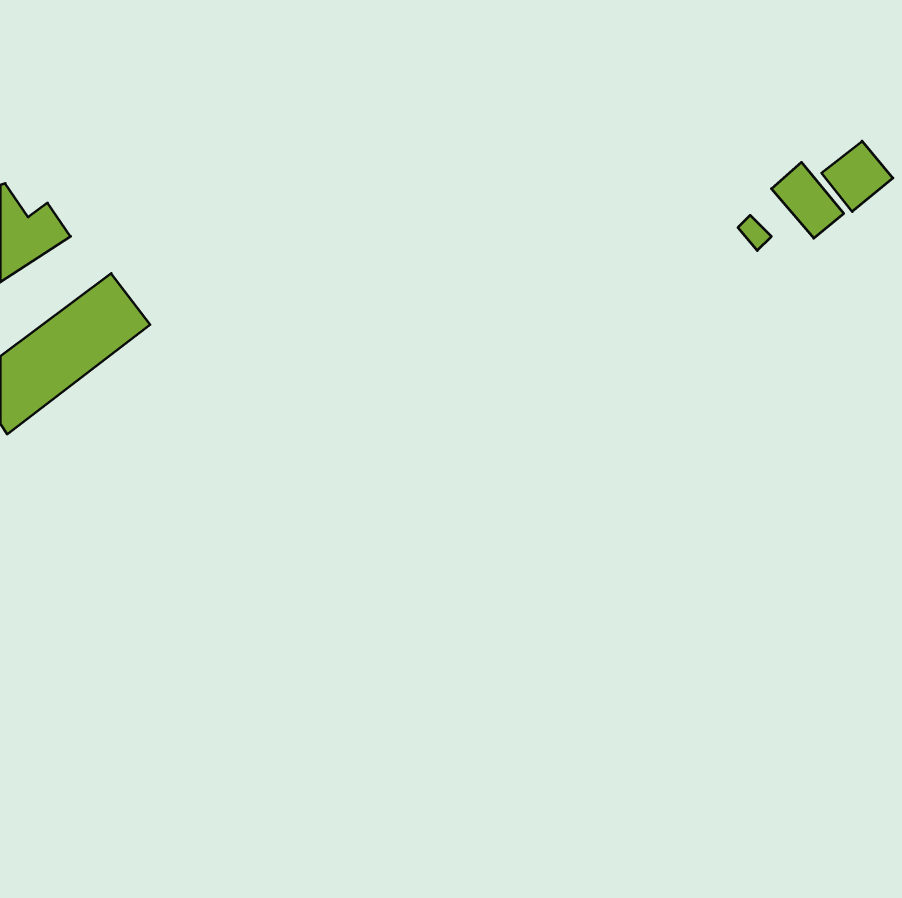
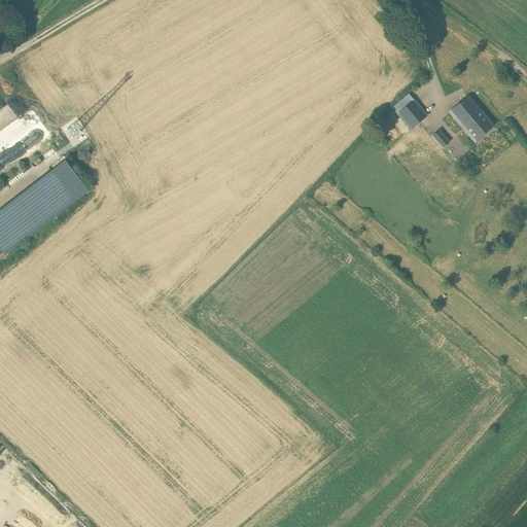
building: [822,141,893,212] -> none
building: none -> [396,98,427,129]

